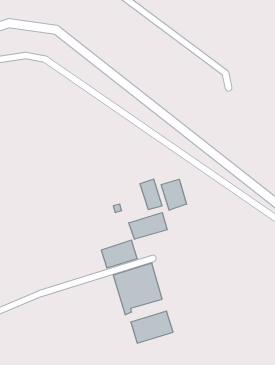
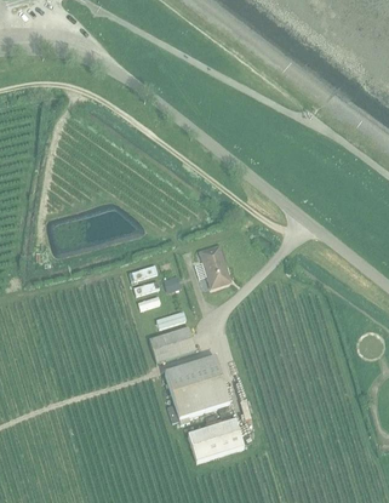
building: [161,179,187,210] -> none
building: [129,213,167,239] -> none

